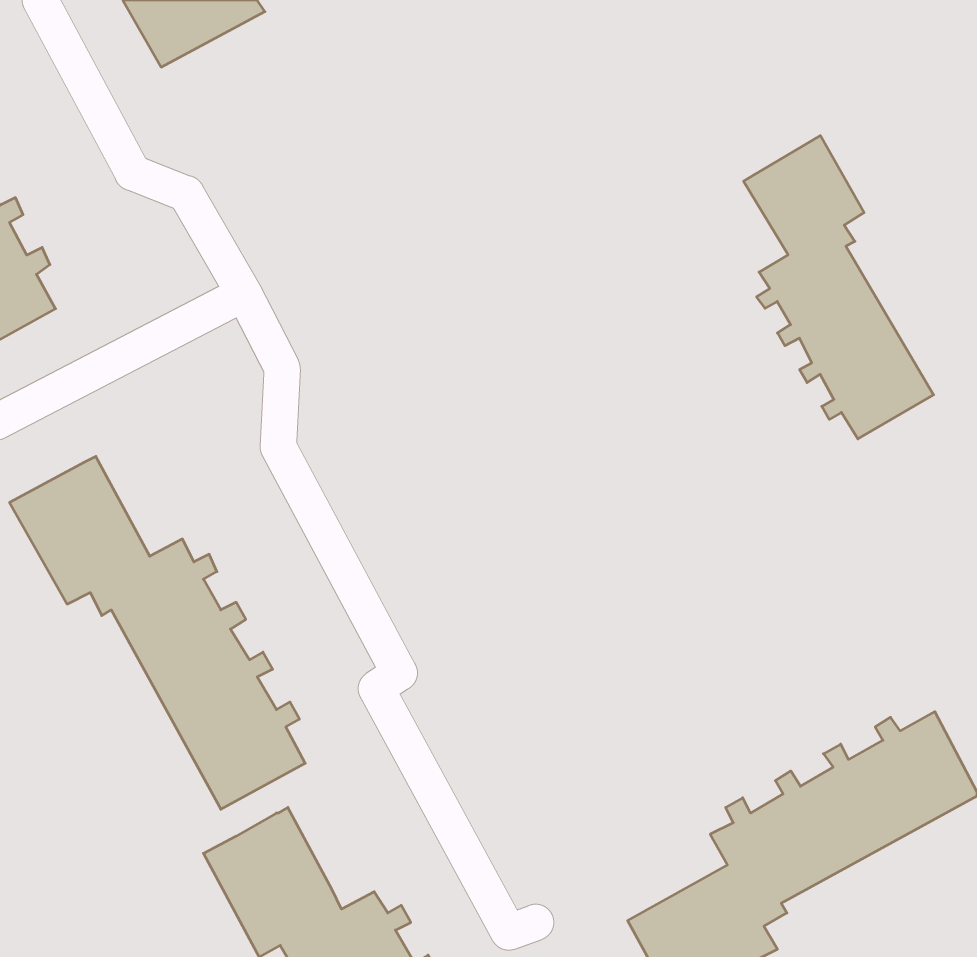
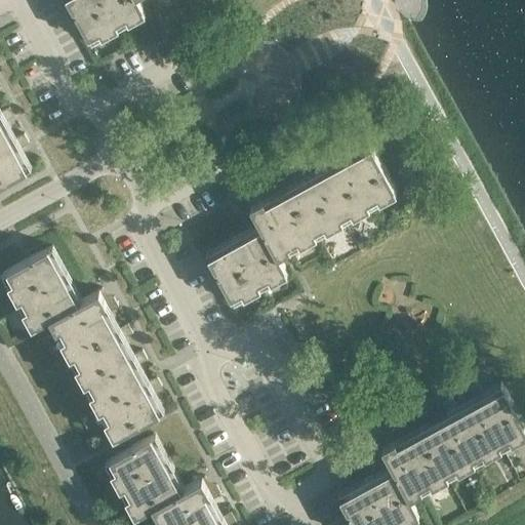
building: [744,136,934,439] -> none
building: none -> [204,152,393,309]

